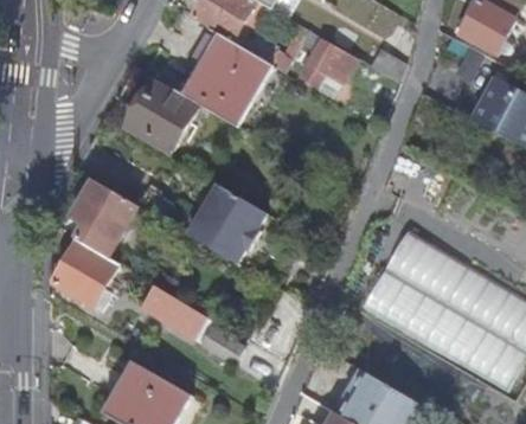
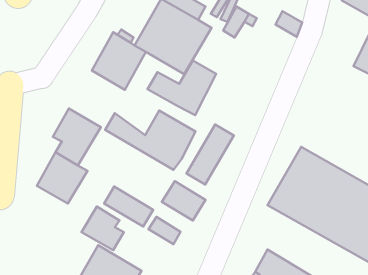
building: none -> [148,61,216,115]
building: none -> [187,124,234,185]
building: none -> [162,181,206,221]
building: none -> [82,206,124,250]

